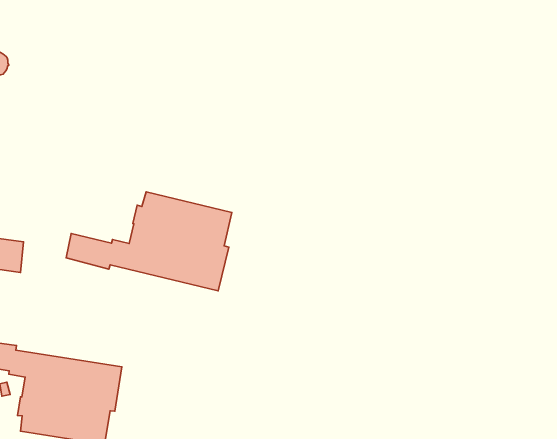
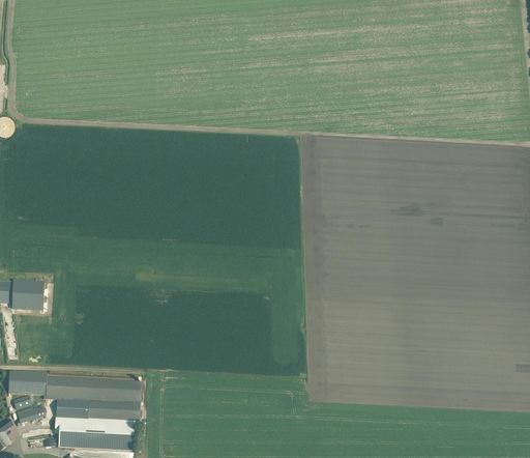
building: [66,192,232,291] -> none

